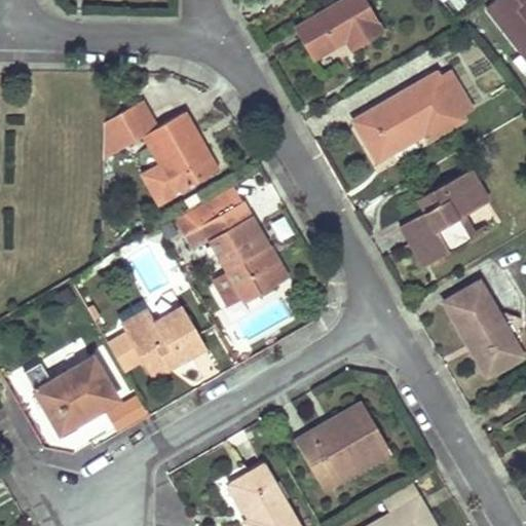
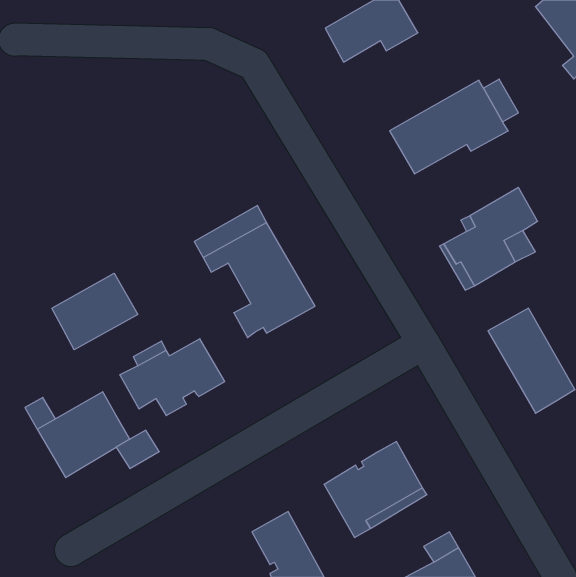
building: [104,102,219,201] -> none
building: none -> [52,273,138,350]

